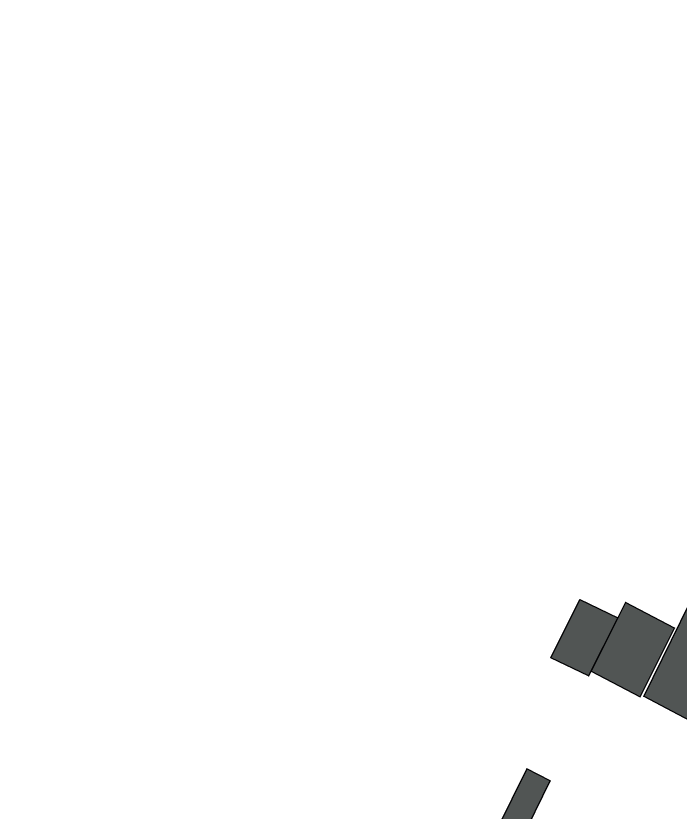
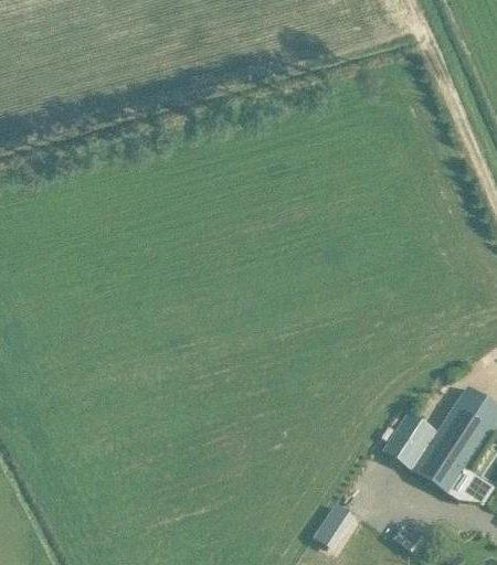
building: [551,600,618,676] -> none

